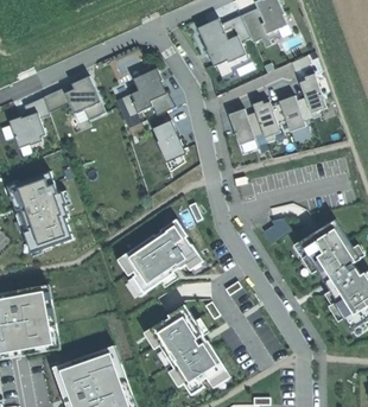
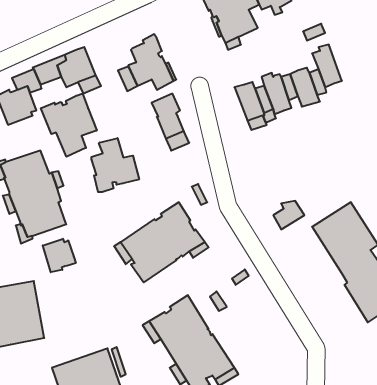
building: none -> [41,94,97,157]
building: none -> [91,138,139,192]
building: none -> [43,239,76,272]

